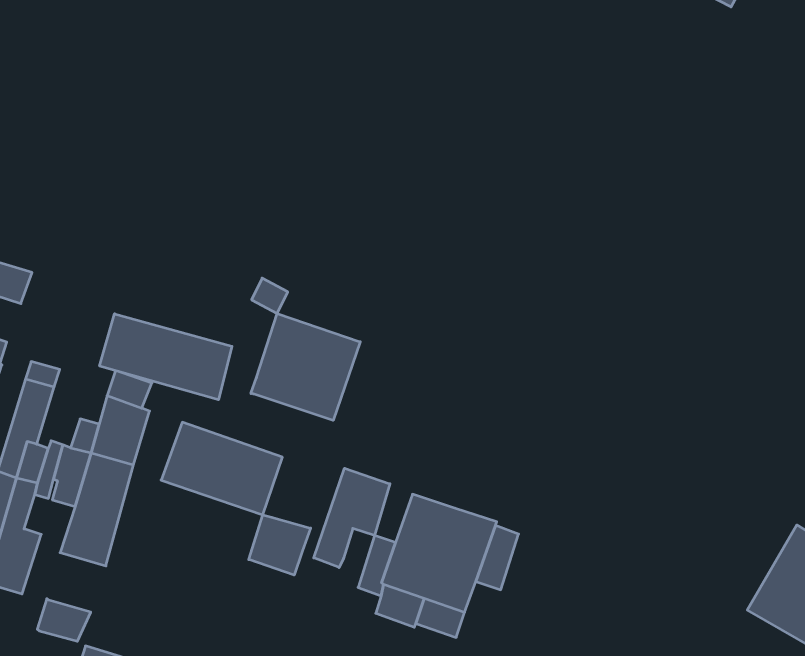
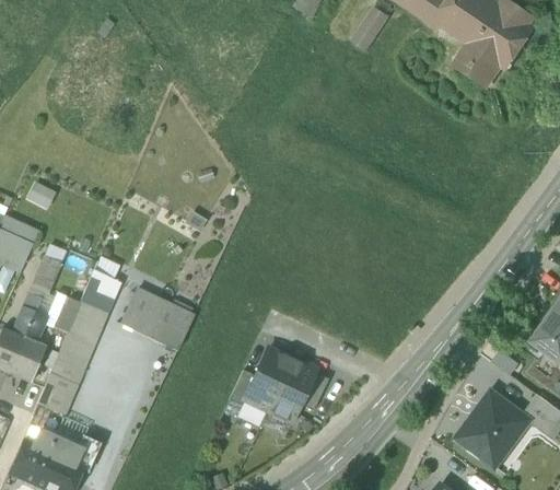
building: [251,313,360,420] -> none
building: [100,314,232,400] -> none
building: [314,468,390,568] -> none
building: [249,515,311,575] -> none
building: none -> [44,359,81,396]

